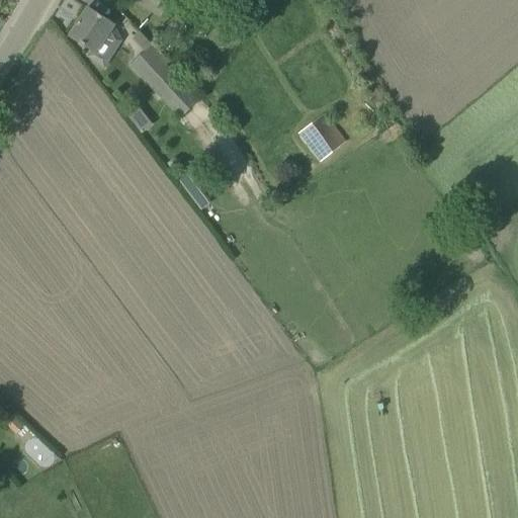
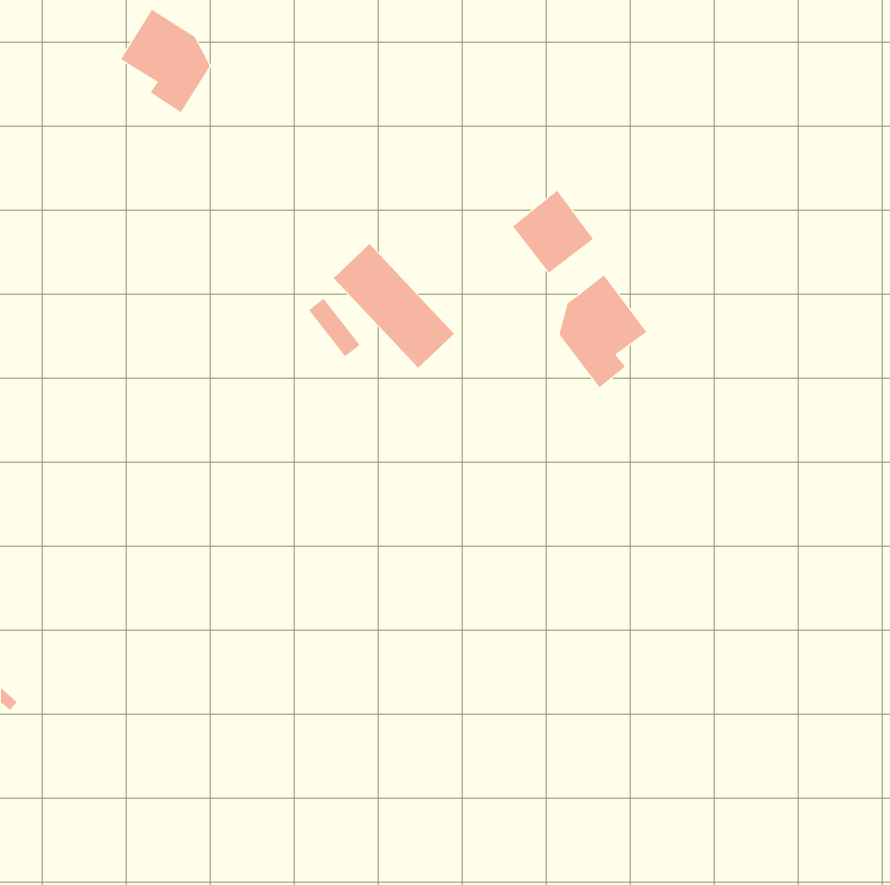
building: [130,44,200,116] -> [333,243,455,369]
building: none -> [559,275,647,388]

